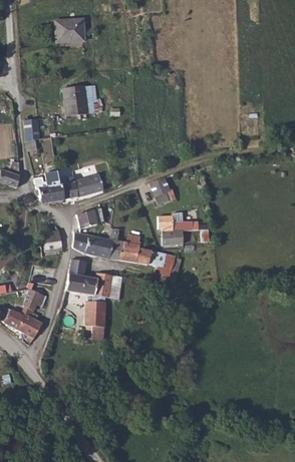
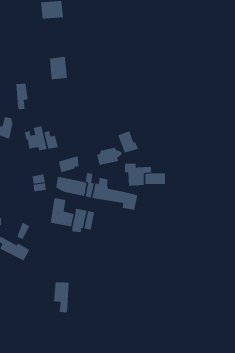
building: [73,174,105,197] -> [96,147,122,166]
building: [85,301,105,339] -> [53,282,70,313]

